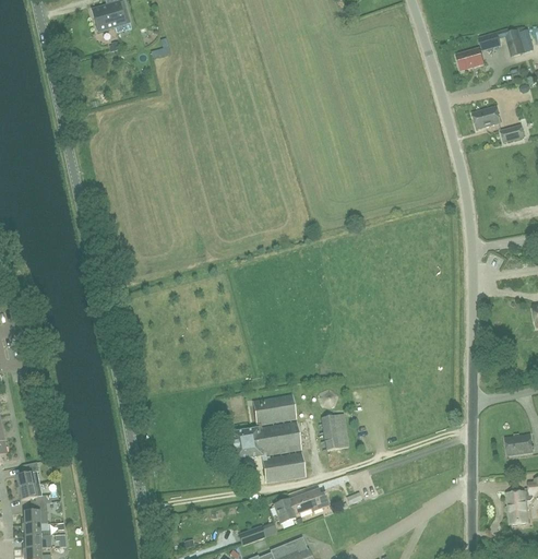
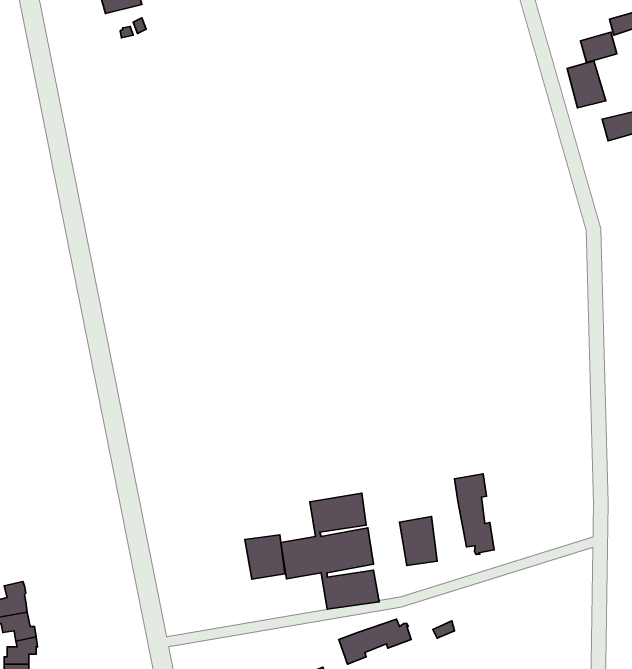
building: none -> [567,61,606,108]
building: none -> [455,474,494,554]
building: none -> [245,535,285,579]

